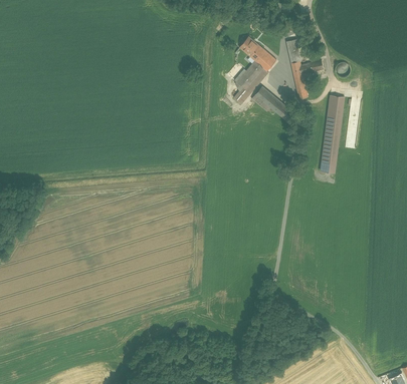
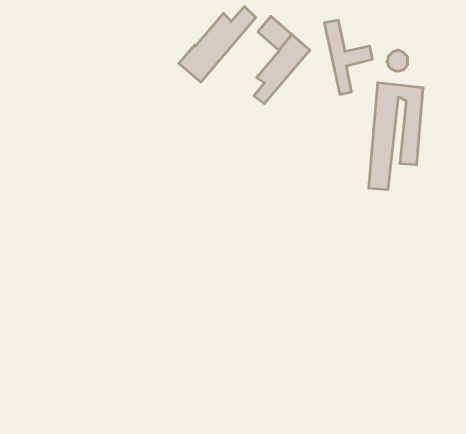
building: none -> [179,7,256,82]
building: [252,85,286,115] -> none

